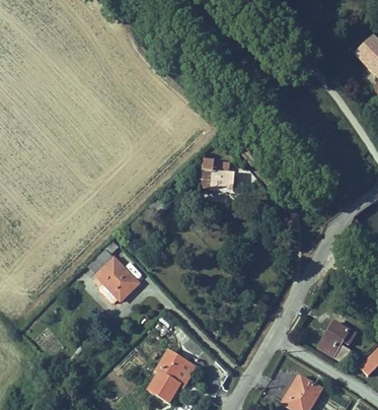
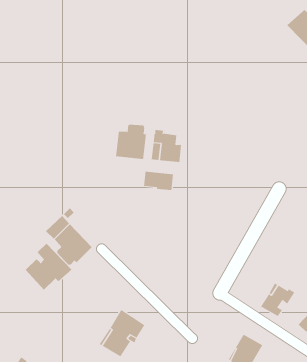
building: none -> [116,124,146,160]
building: none -> [144,171,174,191]
building: none -> [25,243,73,290]

